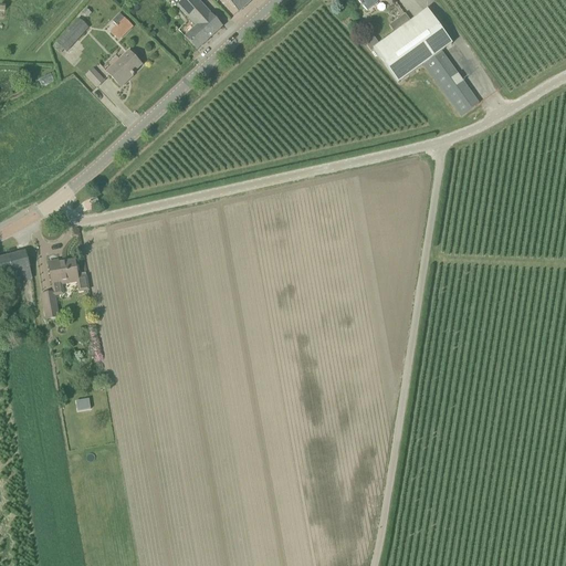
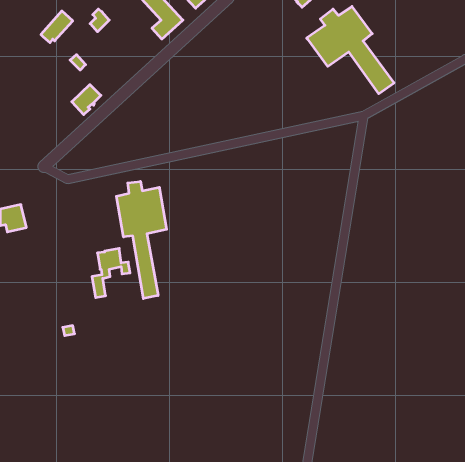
building: [106,49,142,85] -> [72,85,101,115]
building: none -> [116,181,167,299]
building: [42,258,88,317] -> [92,248,130,298]

